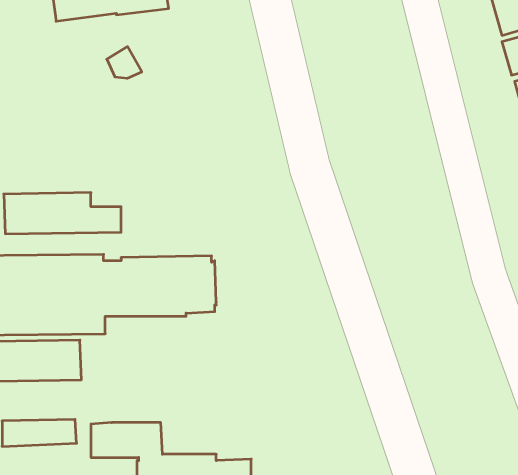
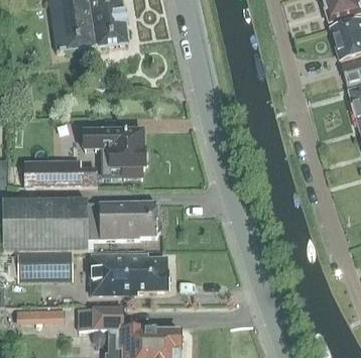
building: none -> [86,128,144,174]
building: none -> [90,252,168,293]

